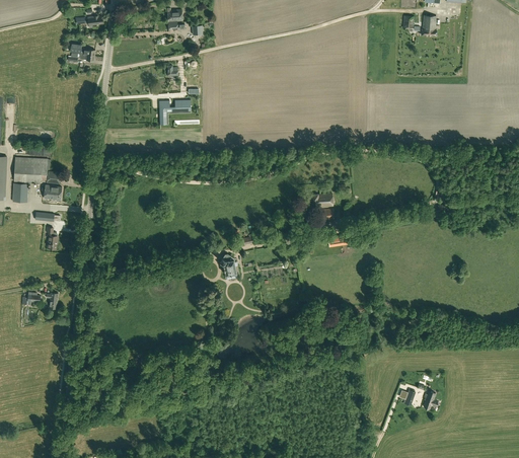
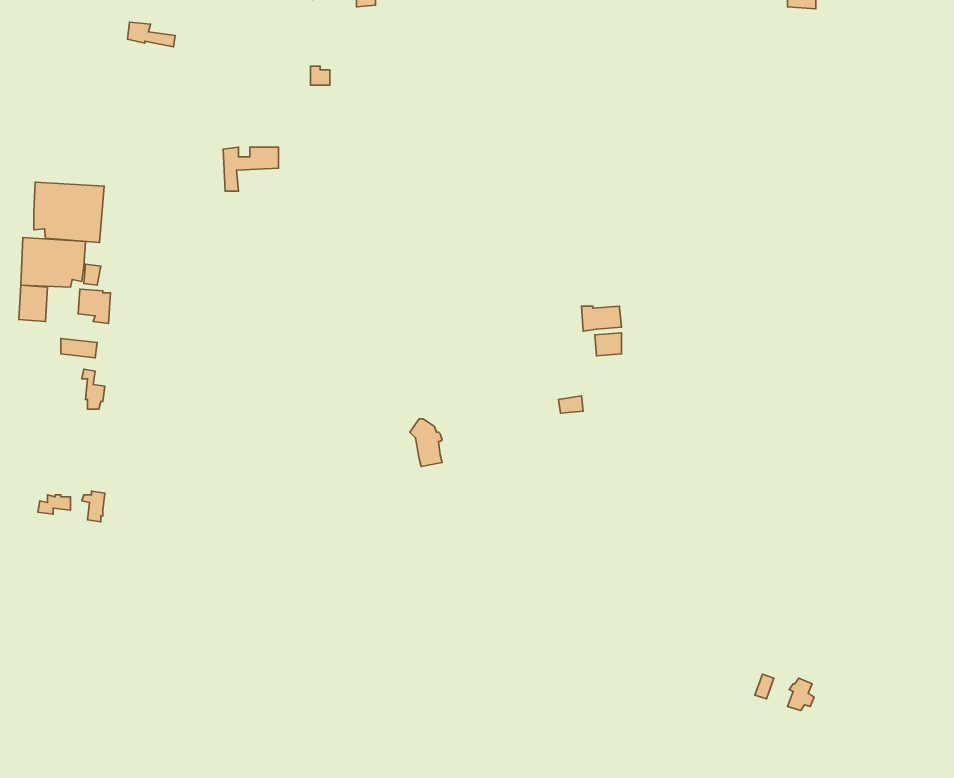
building: [159,100,189,124] -> [223,147,278,191]
building: none -> [34,182,104,243]

